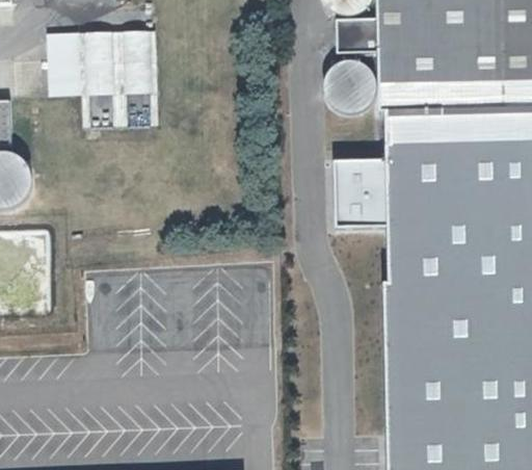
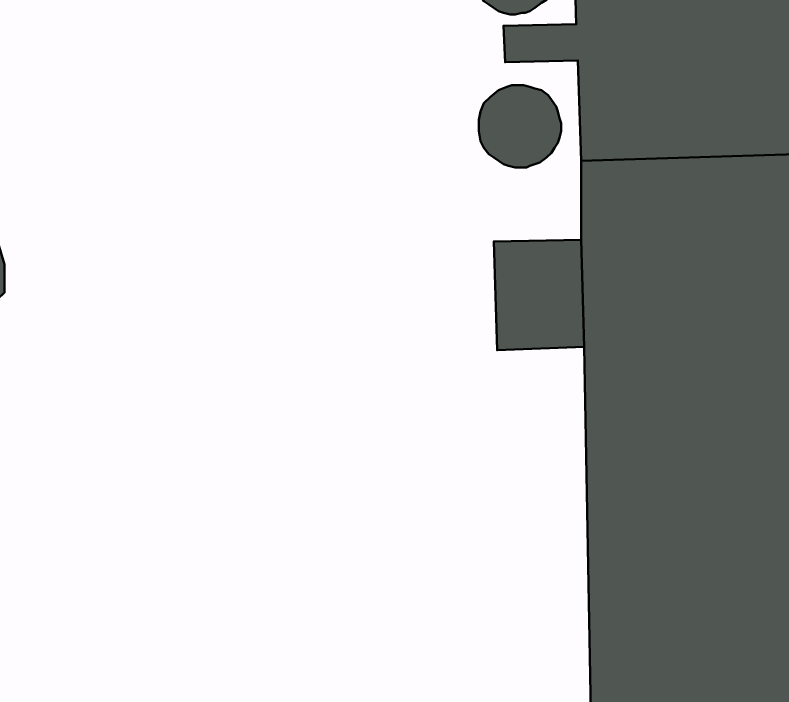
building: [45,31,152,124] -> none

